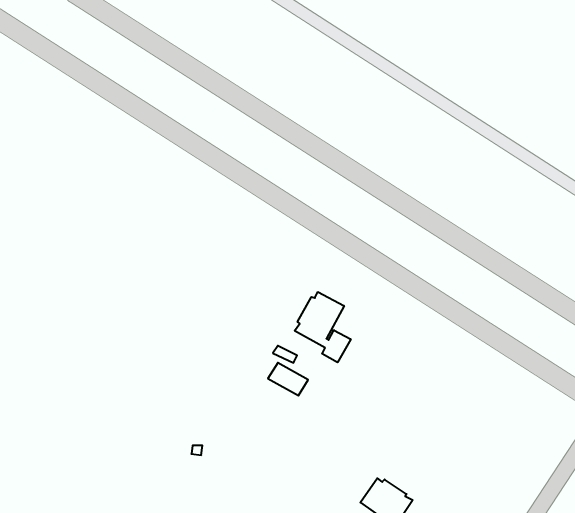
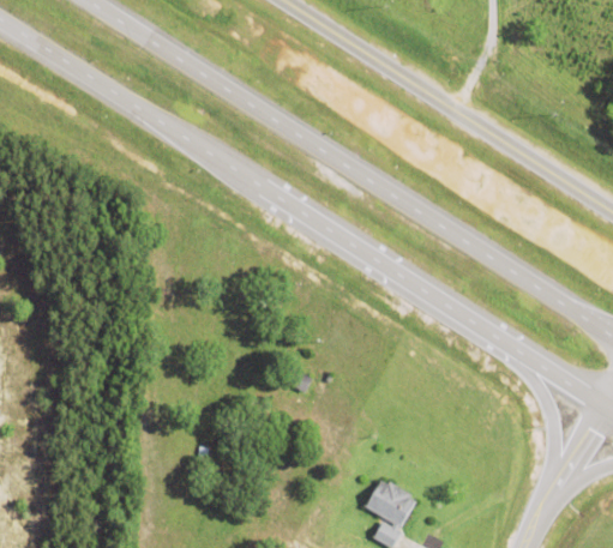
building: [295,292,351,362] -> none

